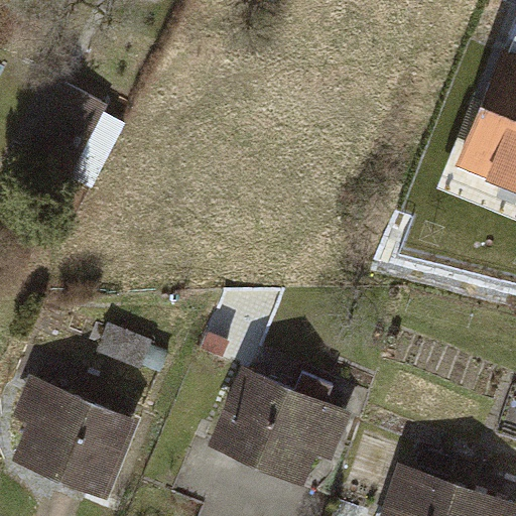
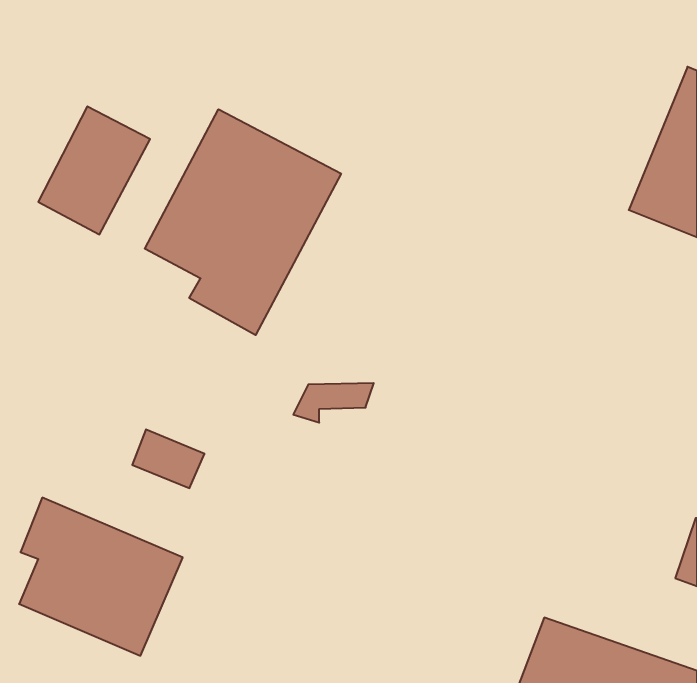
building: none -> [145,109,341,335]
building: [206,367,351,486] -> none

